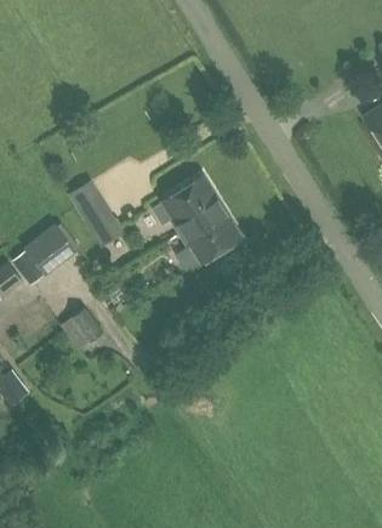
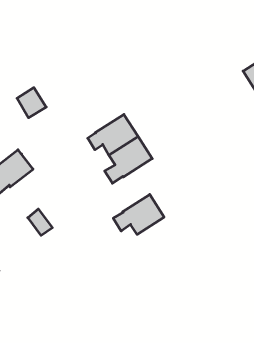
building: [75,193,115,234] -> [17,88,46,118]
building: none -> [113,194,164,234]

